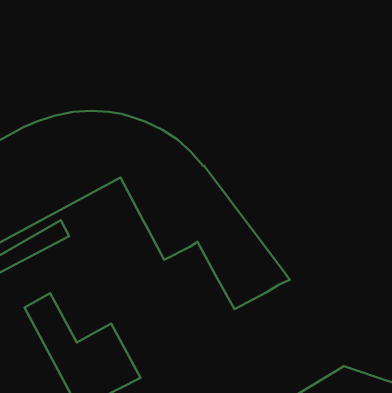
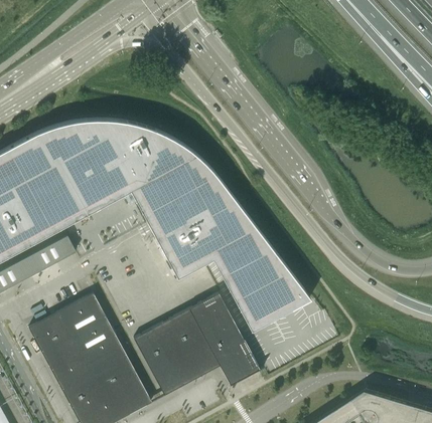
building: none -> [56,293,121,365]
building: none -> [134,293,260,395]

